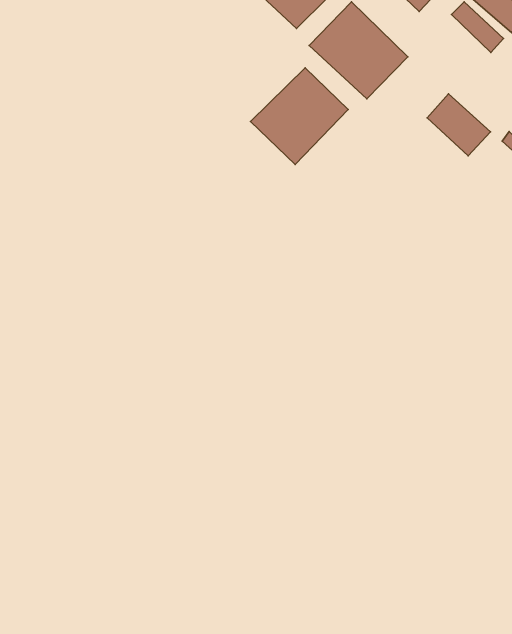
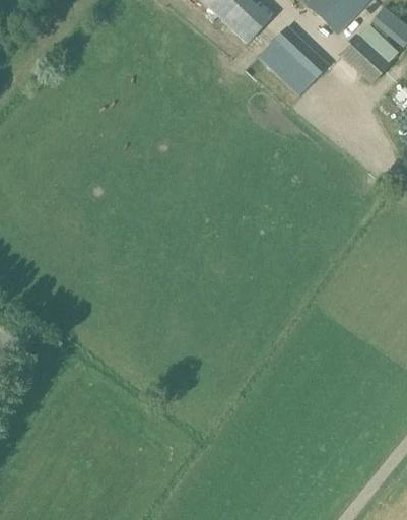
building: [251,68,348,165] -> none
building: [427,94,491,156] -> [342,37,388,81]

